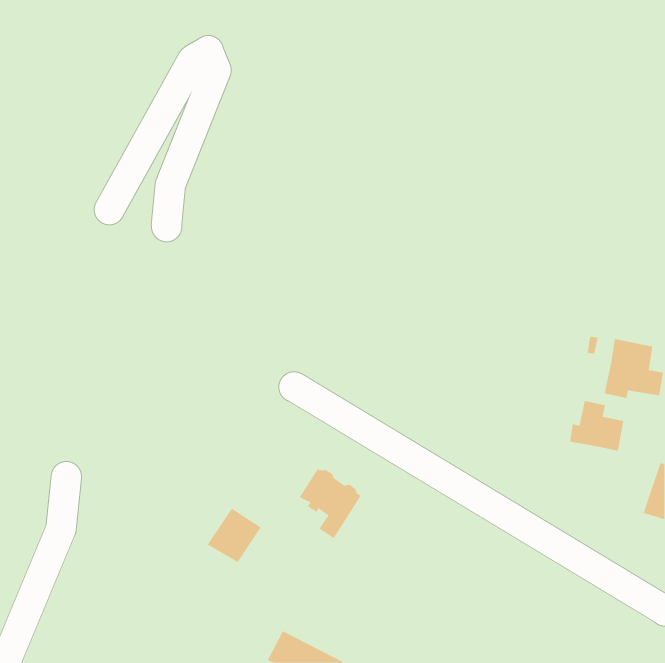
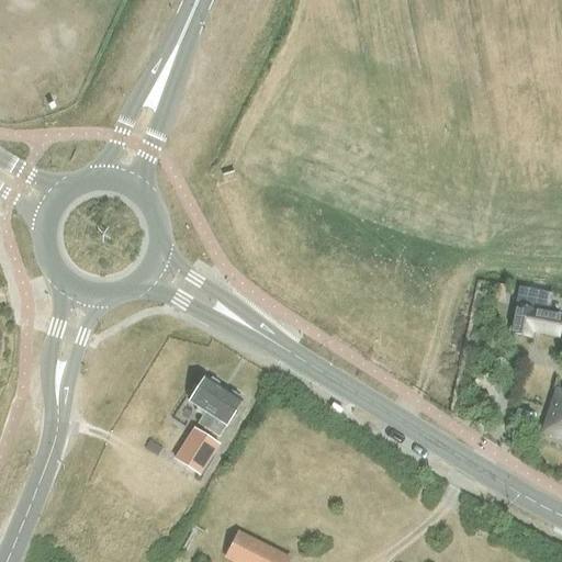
building: [569,400,624,452] -> none
building: [299,468,361,539] -> [190,378,243,437]

